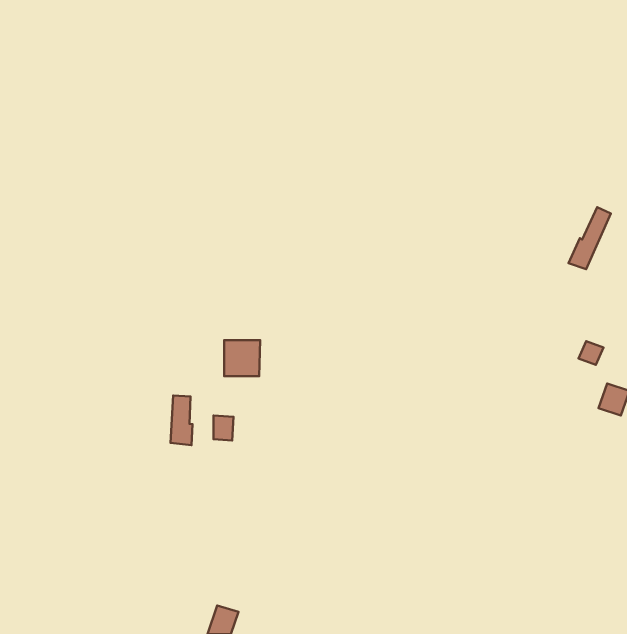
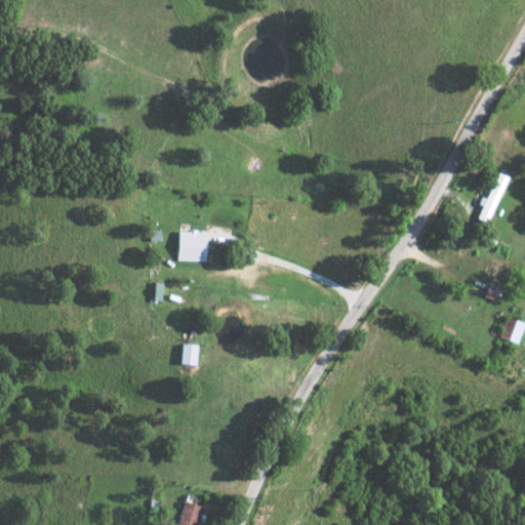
building: [224,340,260,376] -> [179,231,209,260]
building: [170,396,193,445] -> none

